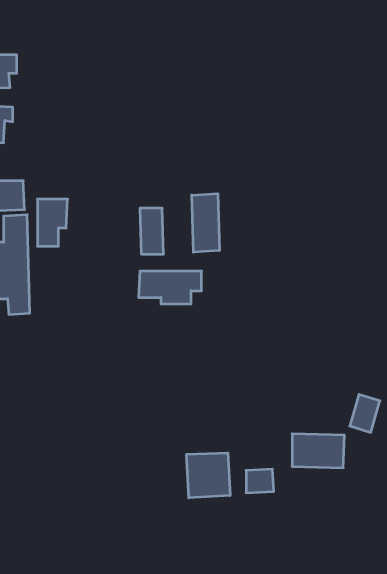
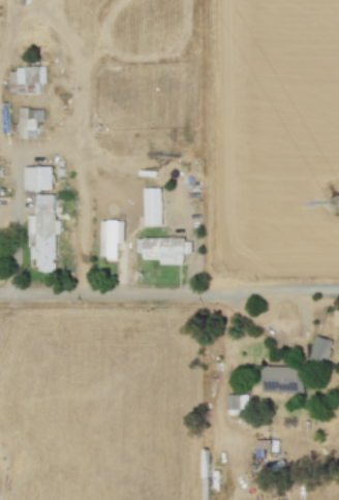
building: [192,194,219,252] -> none
building: [37,199,68,246] -> [100,221,124,258]
building: [187,453,230,498] -> none

